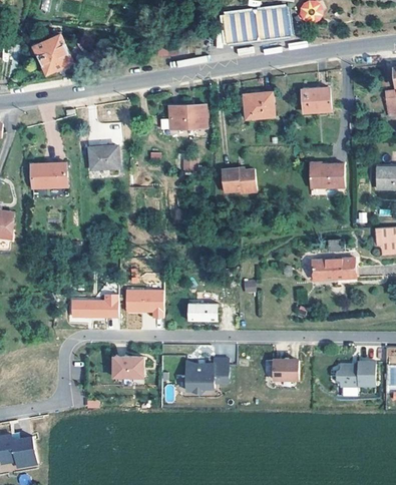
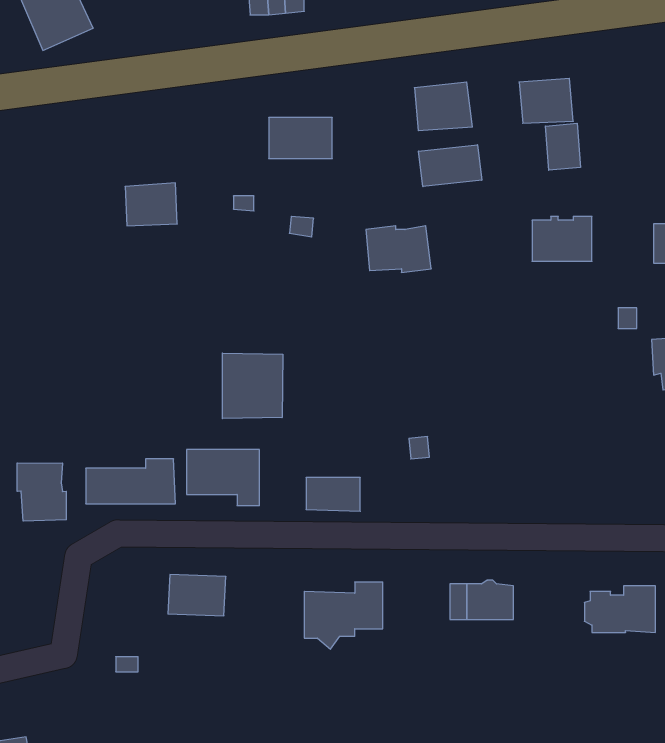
building: none -> [545,123,580,170]
building: none -> [419,145,482,187]
building: [32,161,67,186] -> none
building: none -> [222,353,283,419]
building: [311,257,355,280] -> none
building: none -> [17,463,66,521]

